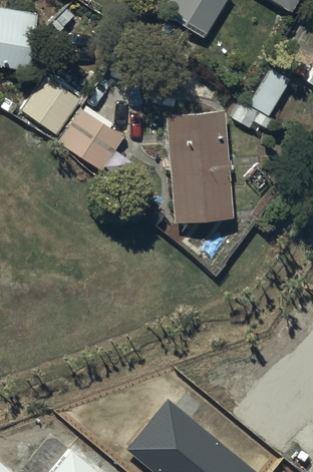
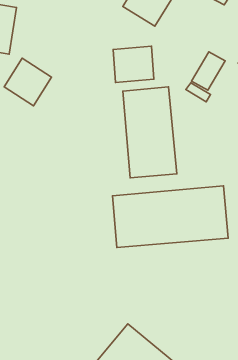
building: none -> [113,46,154,82]
building: [60,110,124,171] -> none
building: none -> [112,186,228,247]

